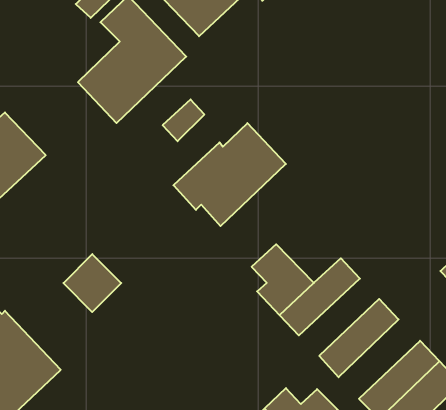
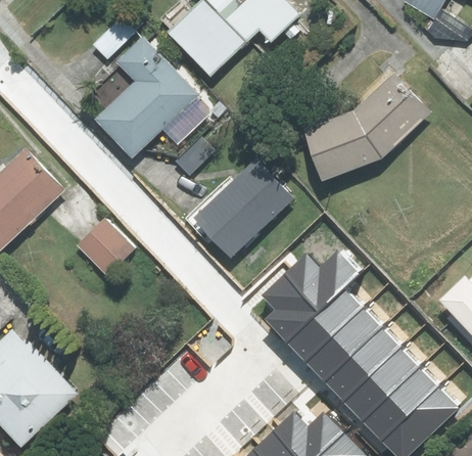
building: none -> [305,74,431,180]
building: none -> [284,252,359,312]
building: [63,254,121,312] -> [79,220,134,275]
building: none -> [305,308,382,381]
building: none -> [343,347,421,422]

